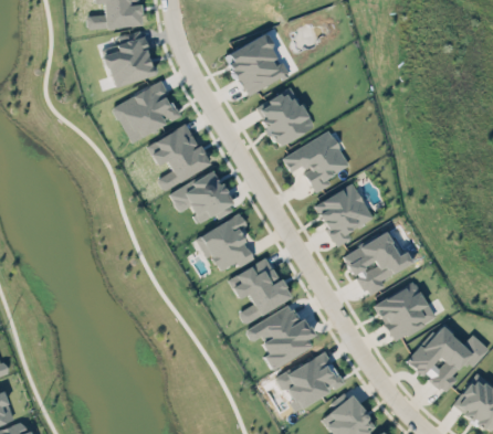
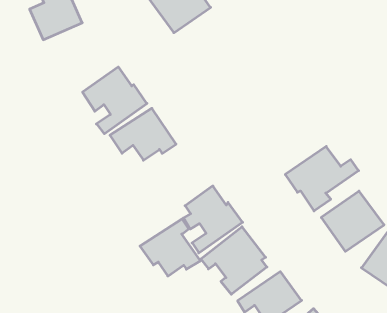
building: [113,81,178,142] -> none
building: [256,86,315,147] -> none
building: [283,130,350,192] -> none
building: [314,183,374,246] -> none
building: [196,214,255,271] -> [140,219,200,276]

